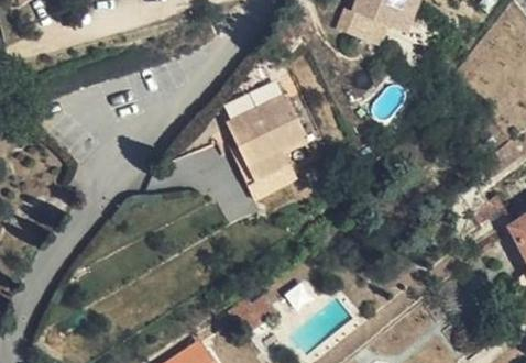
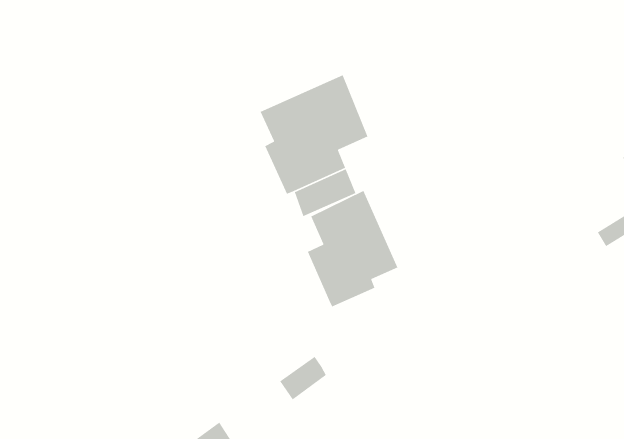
building: none -> [307,190,399,307]

